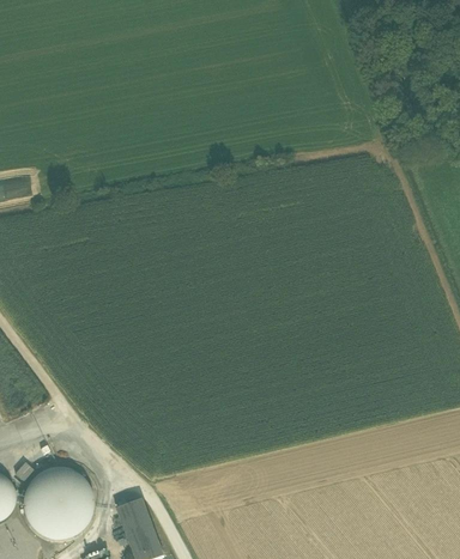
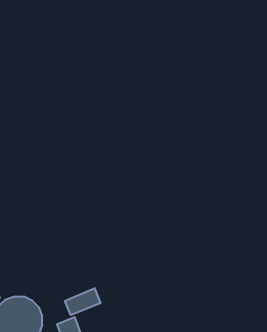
building: none -> [65,288,101,315]

